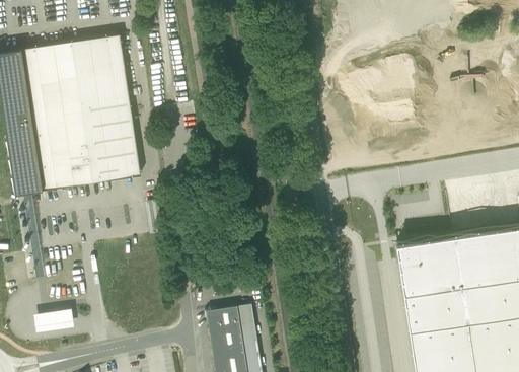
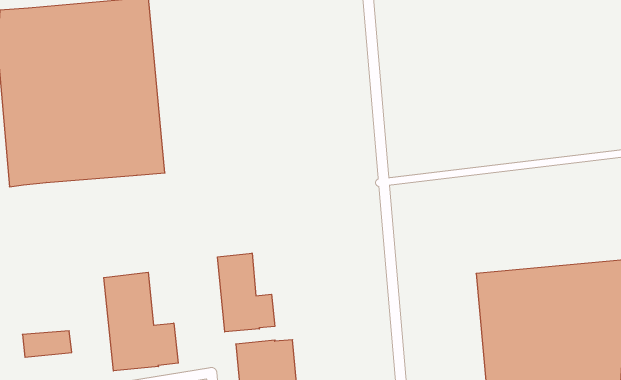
building: none -> [218,253,275,332]
building: none -> [104,272,178,371]

